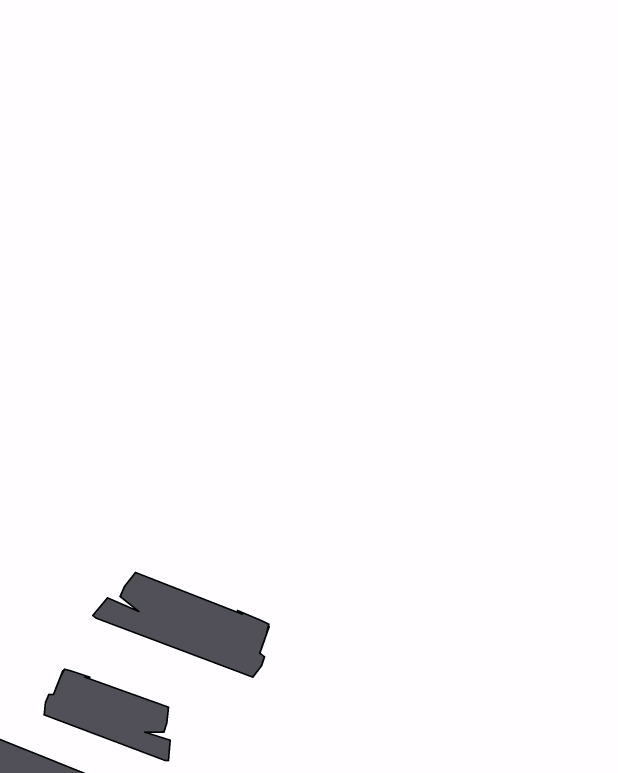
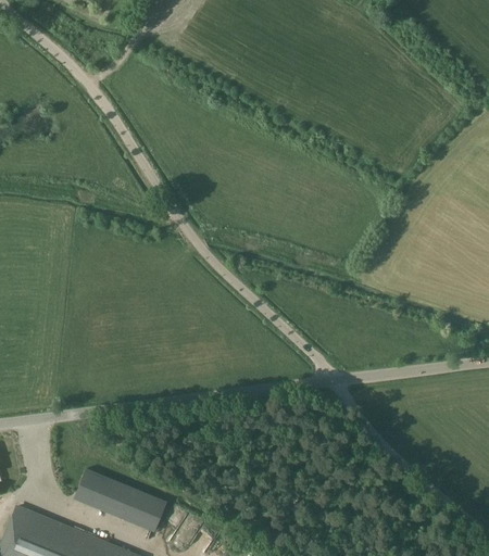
building: [93,572,269,677] -> none

